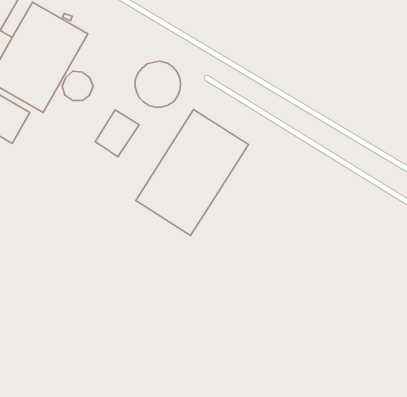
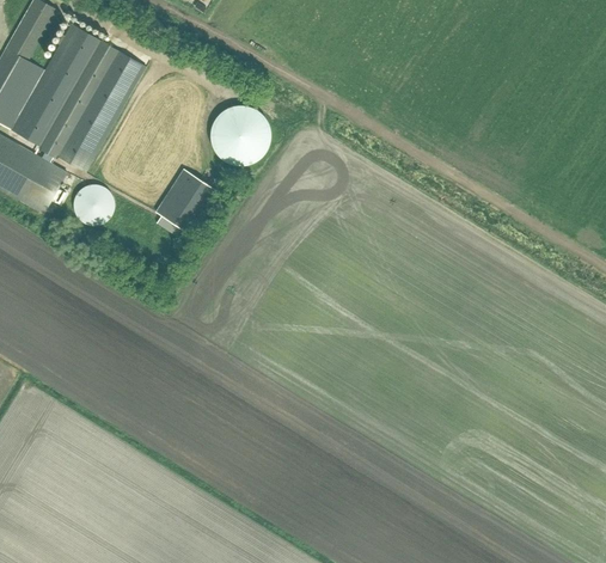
building: [62,71,93,100] -> [73,184,115,224]
building: [136,109,249,236] -> none

